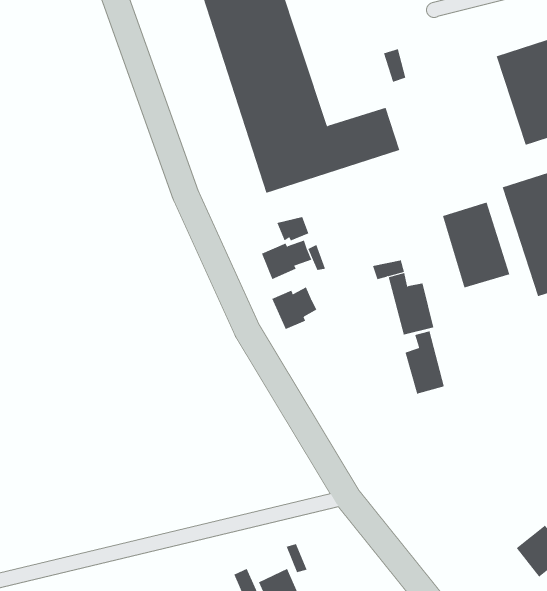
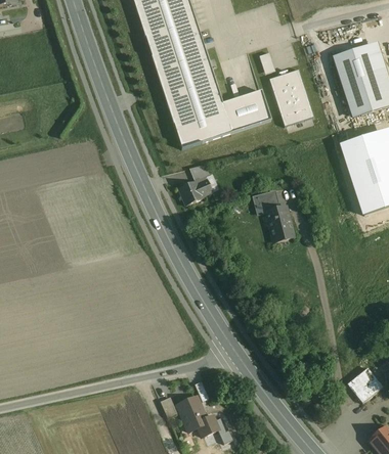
building: [442,202,510,288] -> [269,69,314,126]
building: [271,286,317,330] -> none
building: [405,331,445,394] -> none

